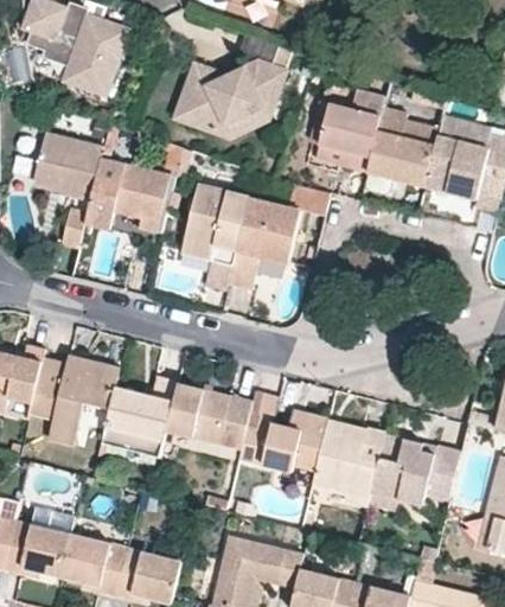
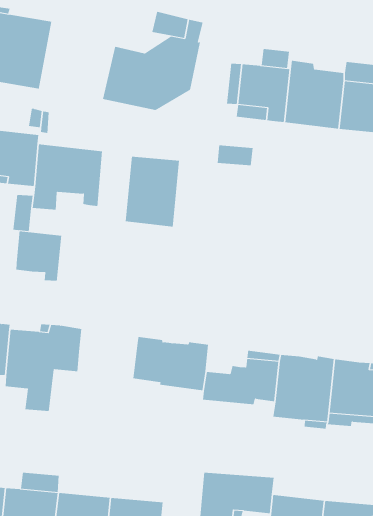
building: [226,198,302,294] -> none
building: none -> [16,231,62,281]
building: [101,377,177,454] -> none

